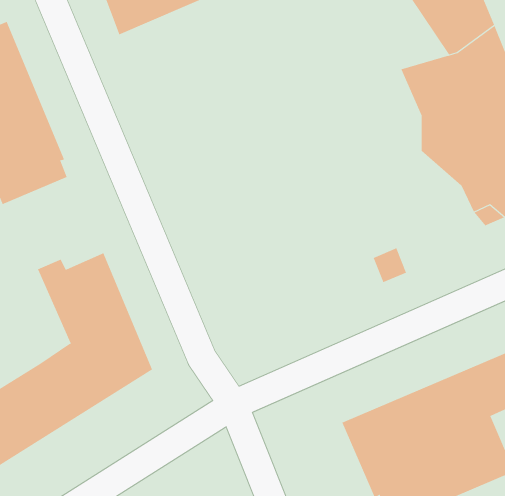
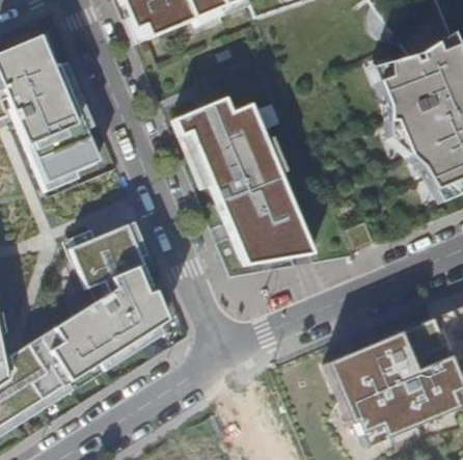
building: none -> [174,97,315,263]

